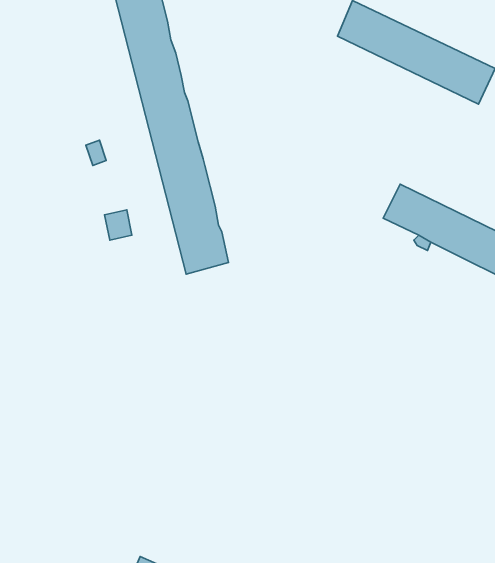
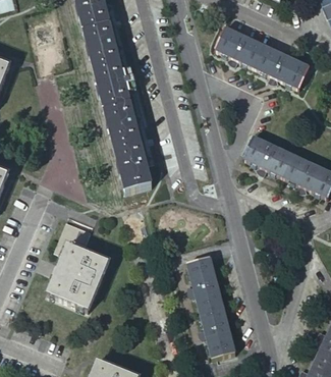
building: none -> [46,216,106,307]
building: none -> [186,255,234,357]

